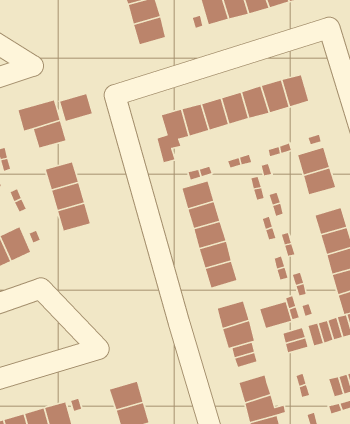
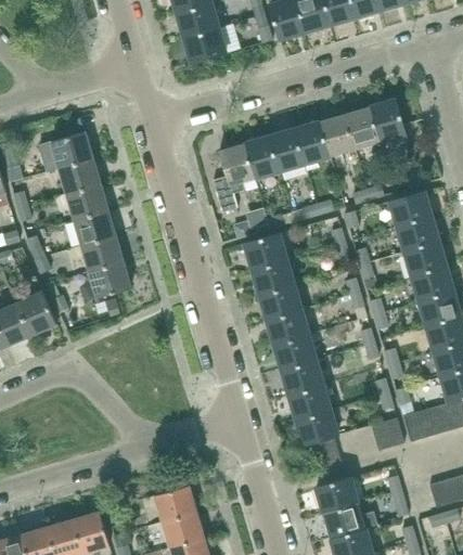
building: [59,93,93,122] -> [65,184,107,220]
building: none -> [403,243,445,278]
building: [259,301,292,329] -> [281,360,322,395]

